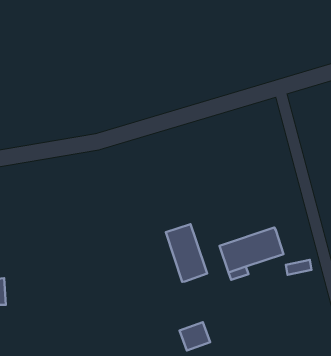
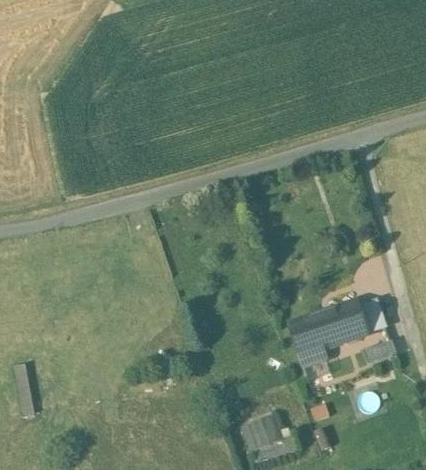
building: none -> [356,301,387,337]
building: [166,224,207,282] -> none

